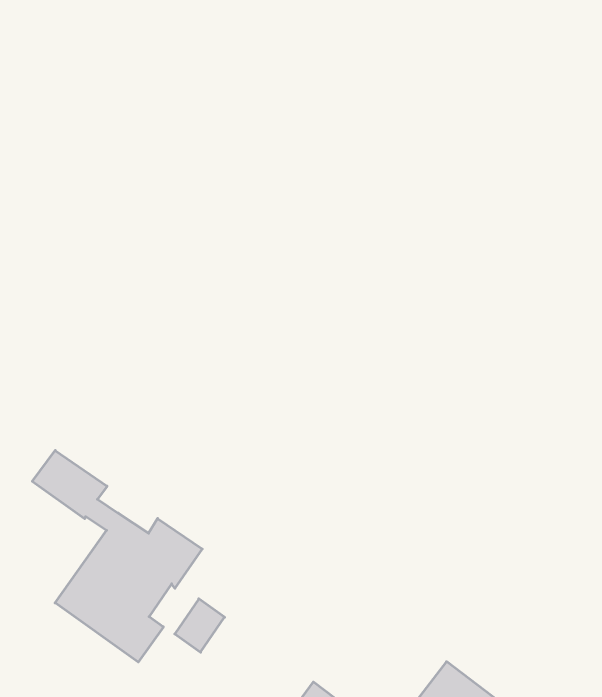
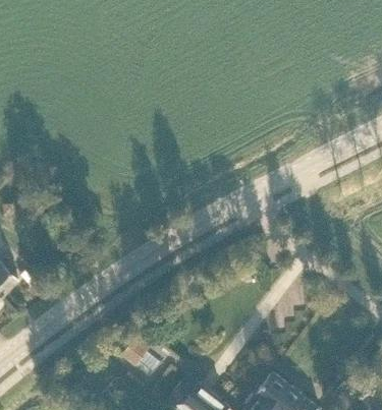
building: [32,450,202,662] -> none

